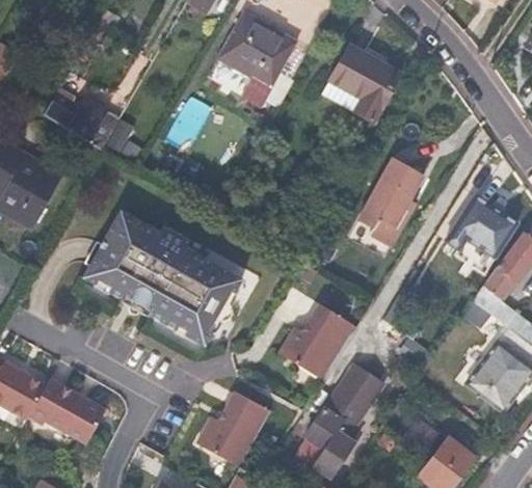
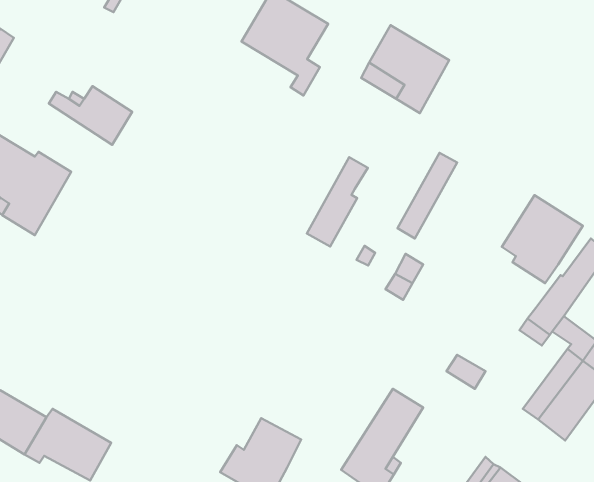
building: [371,164,425,243] -> [307,157,368,246]
building: [82,213,240,351] -> none
building: [278,303,355,379] -> none

